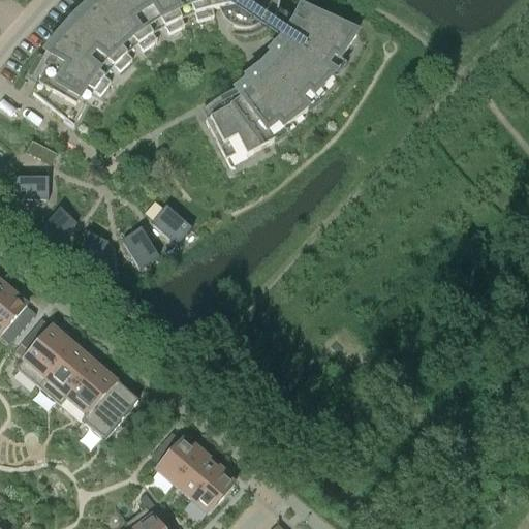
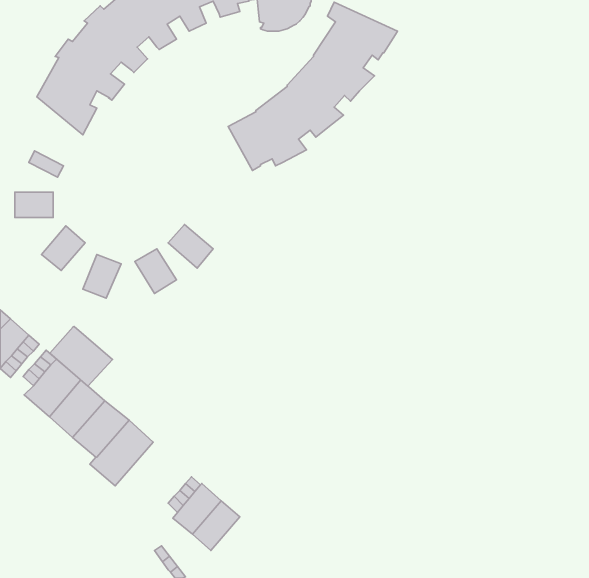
building: none -> [50,327,112,386]
building: [189,464,232,509] -> none

